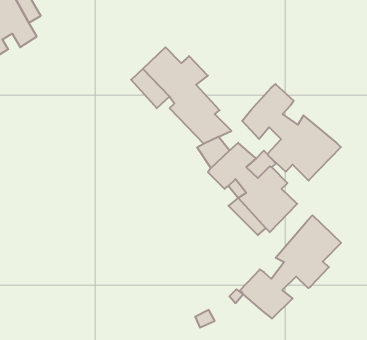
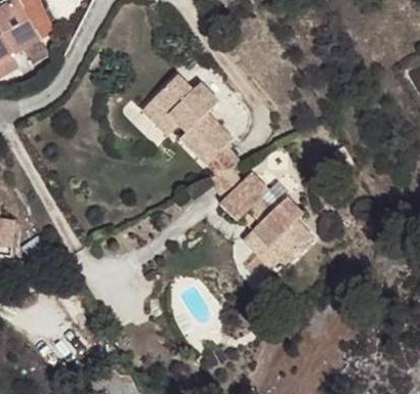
building: [242,84,341,181] -> none
building: [240,215,341,319] -> none

